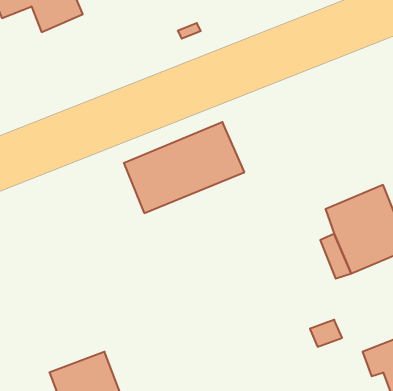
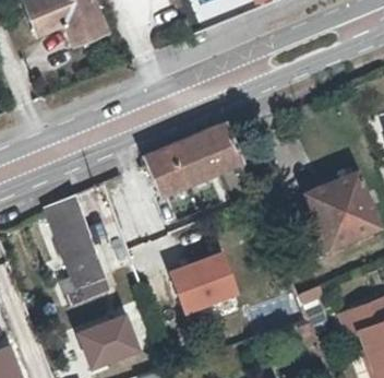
building: none -> [45,196,107,293]
building: none -> [165,250,236,314]

